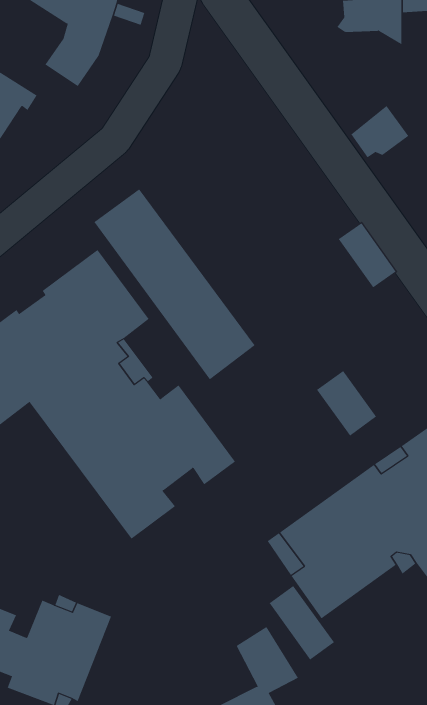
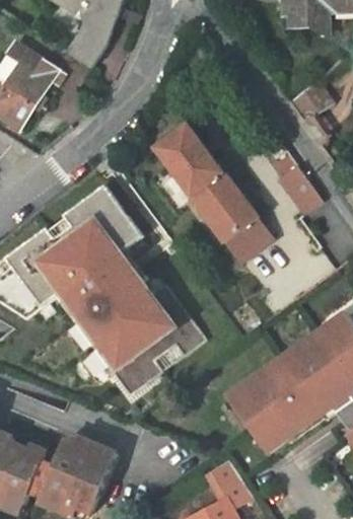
building: [94,189,256,380] -> [154,124,272,263]
building: [316,370,377,437] -> none
building: [269,585,335,660] -> none

